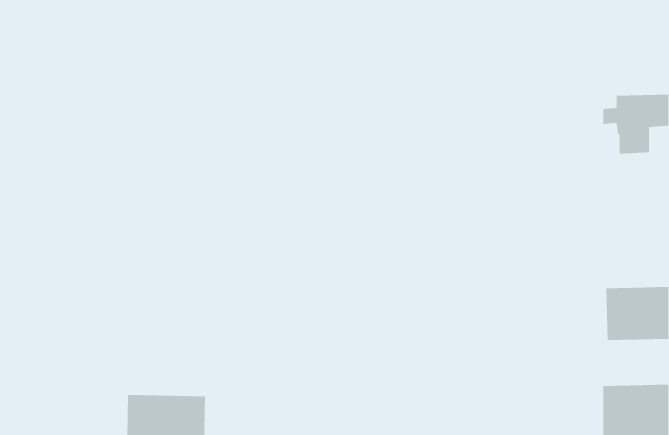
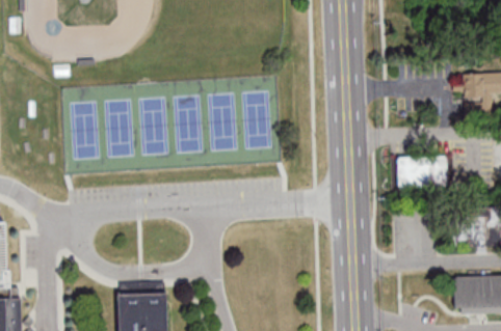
building: none -> [398,158,447,189]

